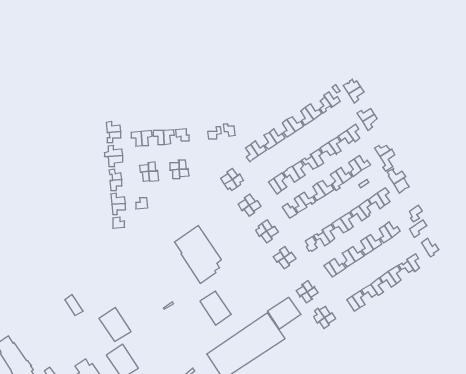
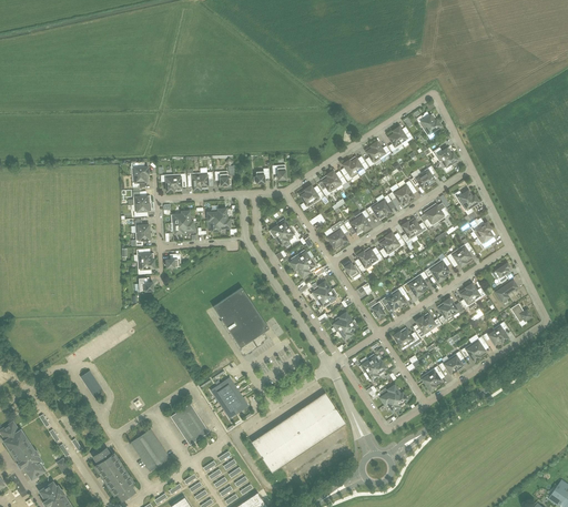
building: [200,291,231,325] -> [210,377,247,418]
building: [267,297,301,329] -> none
building: [99,307,131,341] -> [170,403,209,444]

